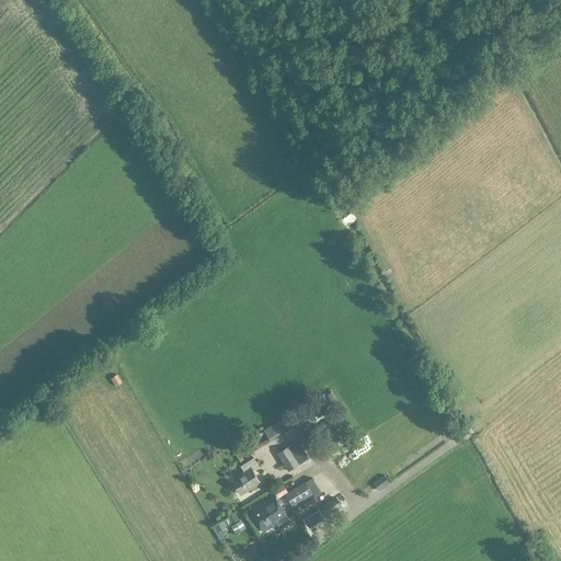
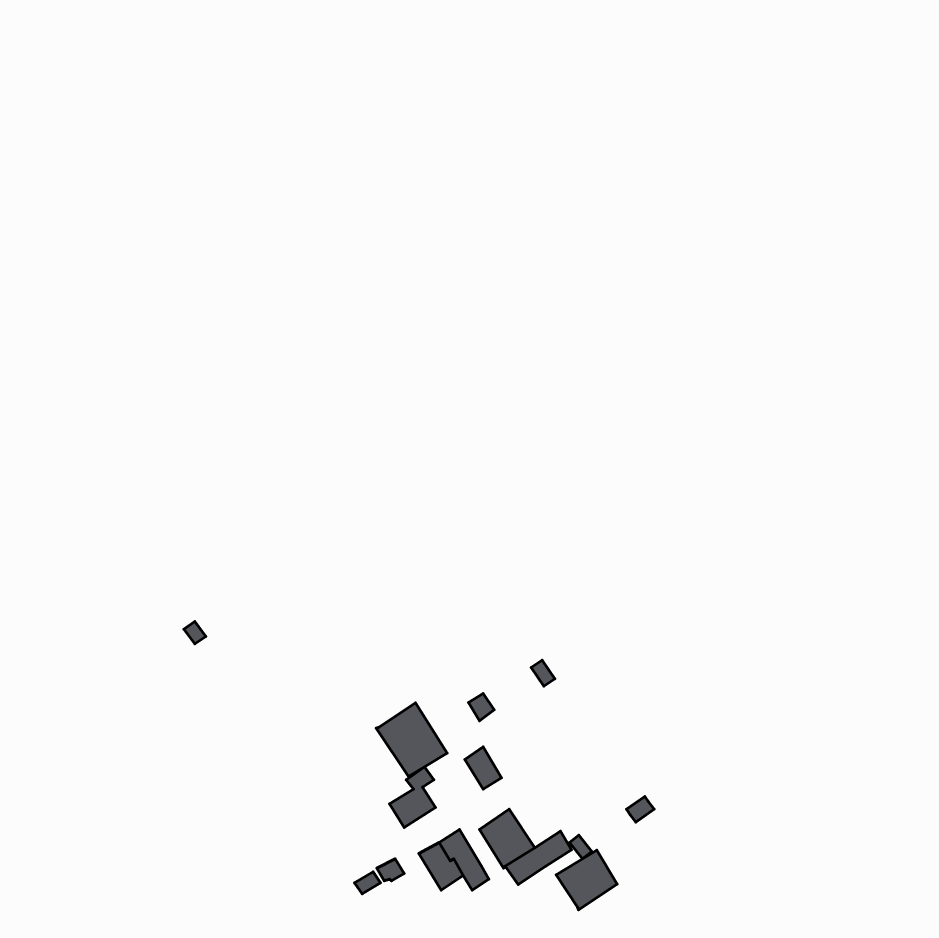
building: none -> [376,703,447,777]
building: none -> [556,850,617,910]

